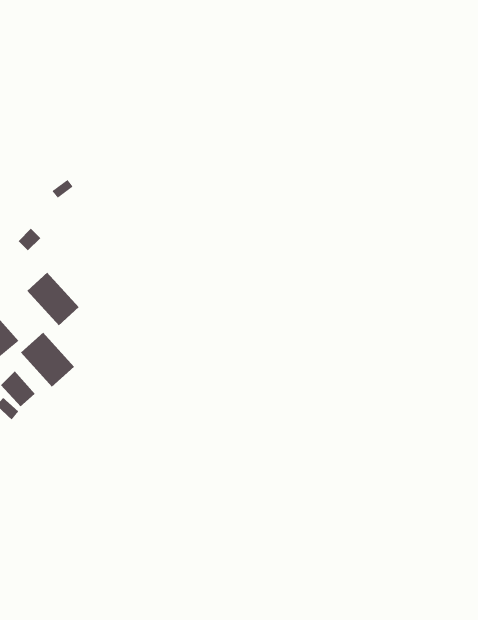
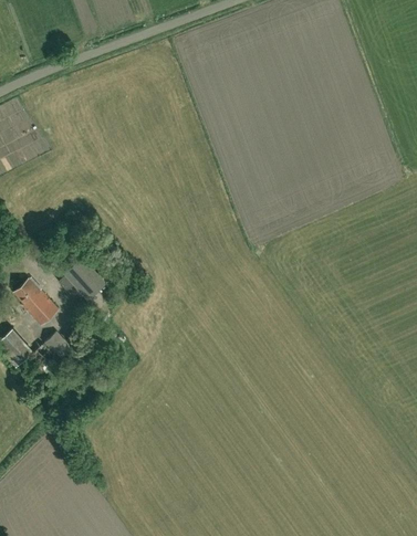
building: [20,332,75,388] -> none

